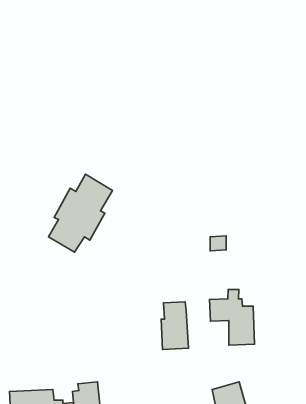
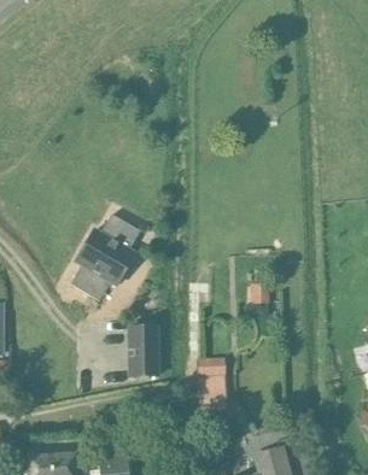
building: none -> [129,327,159,375]
building: [210,289,255,345] -> none

